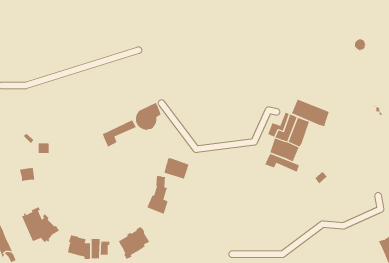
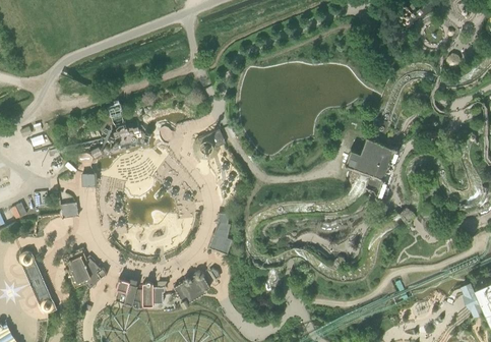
building: [291,99,330,127] -> none
building: [102,119,137,147] -> none
building: [265,153,299,173] -> none
building: [164,157,189,179] -> none

